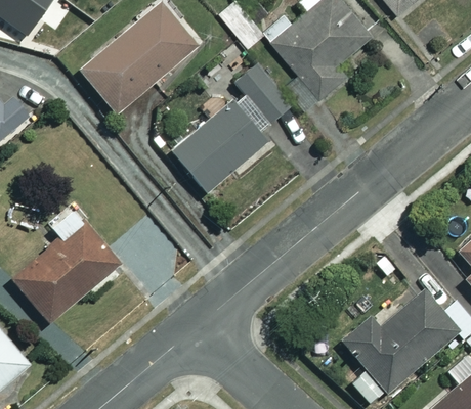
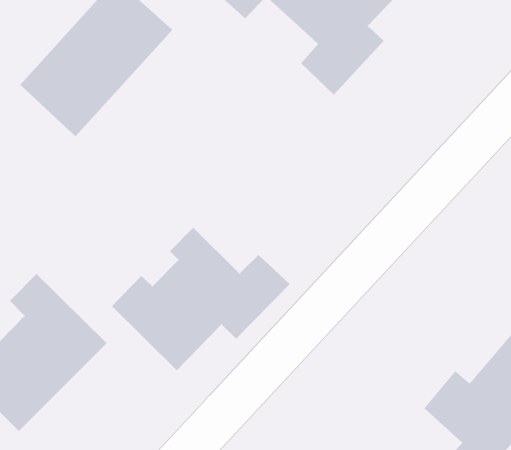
building: [169,60,291,192] -> none
building: none -> [111,227,290,371]

